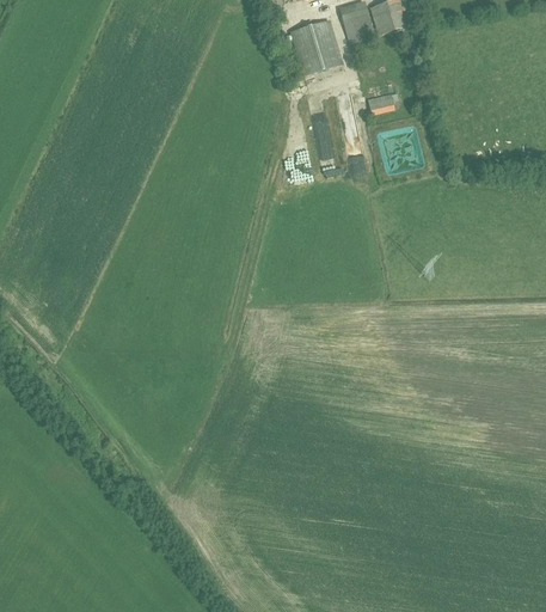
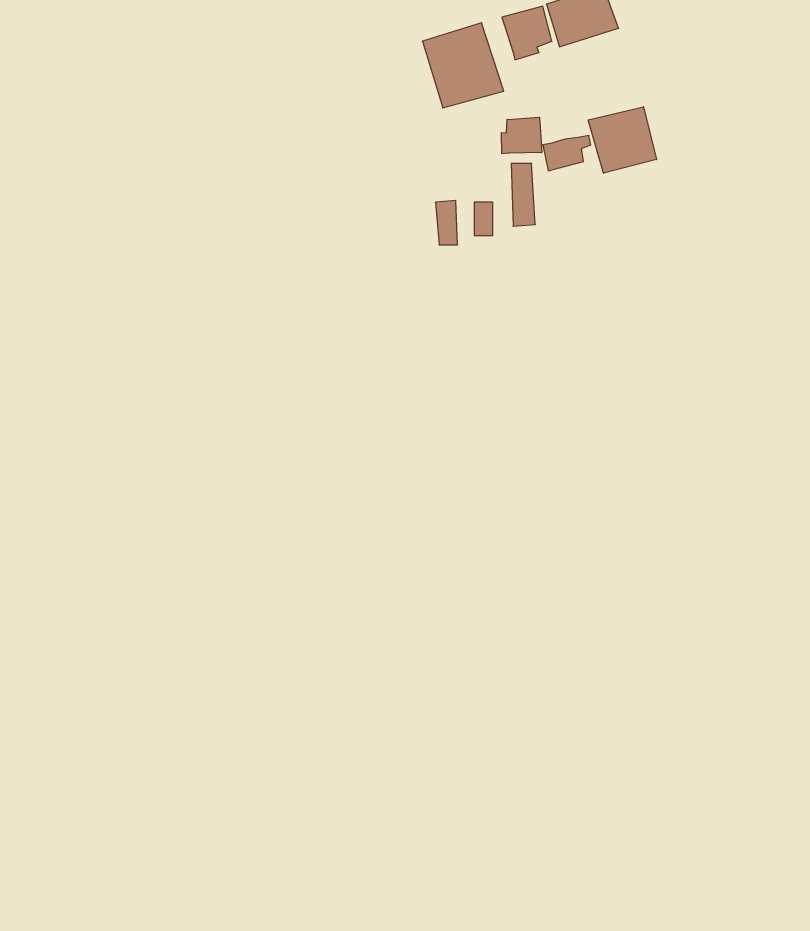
building: none -> [588,107,657,173]
building: none -> [501,117,542,154]

